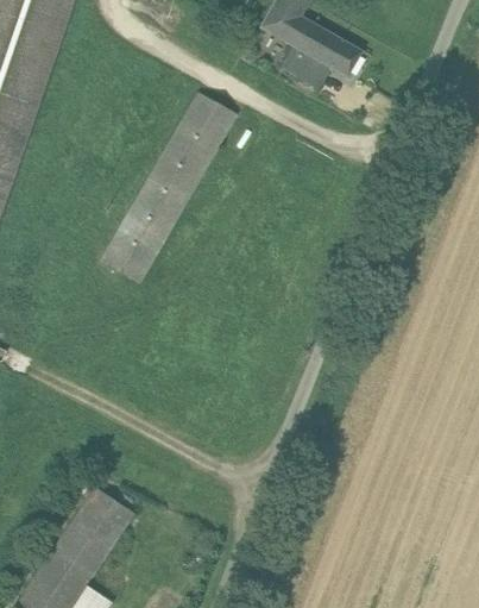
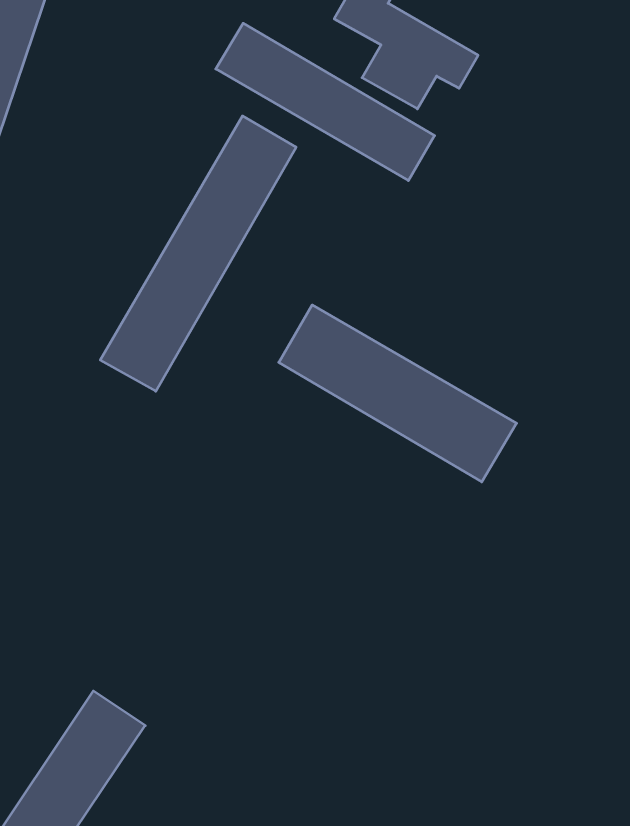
building: none -> [216,23,435,181]
building: none -> [279,305,517,482]

